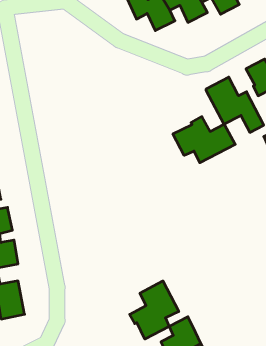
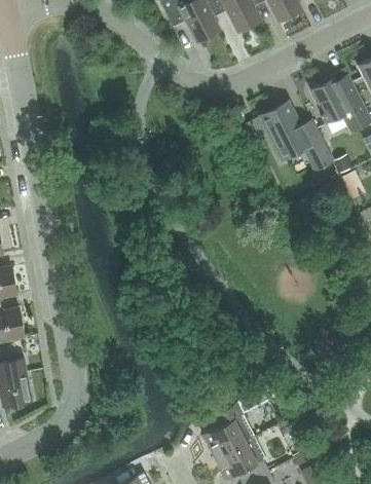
building: [173,117,235,163] -> none
building: [130,281,179,339] -> none

